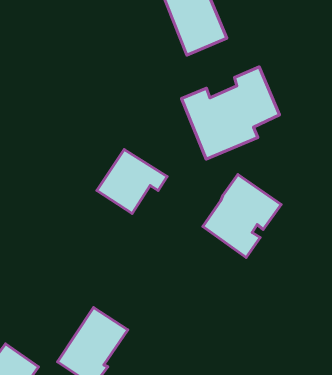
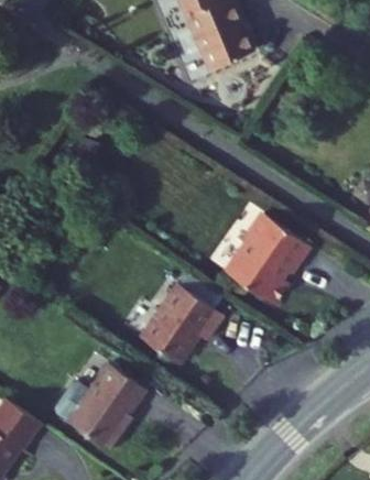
building: [182,67,279,159] -> none
building: [97,149,167,214] -> [144,288,221,359]

